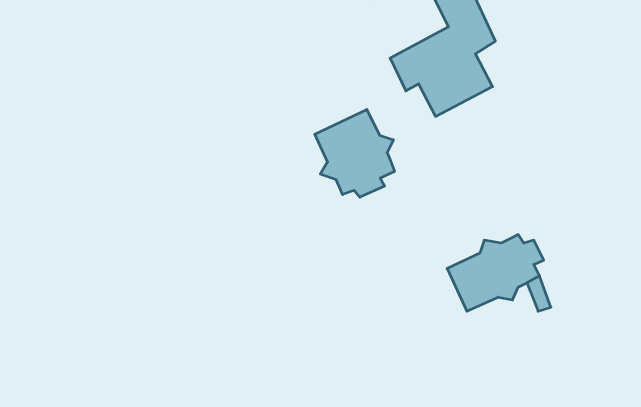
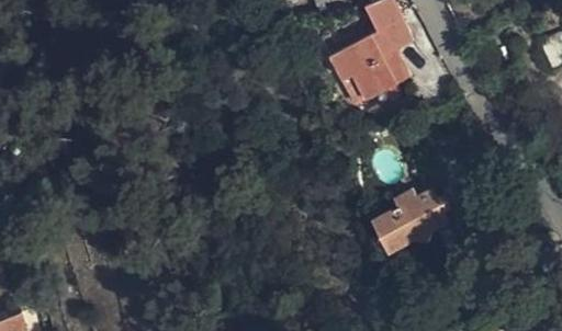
building: [315,109,394,197] -> none

